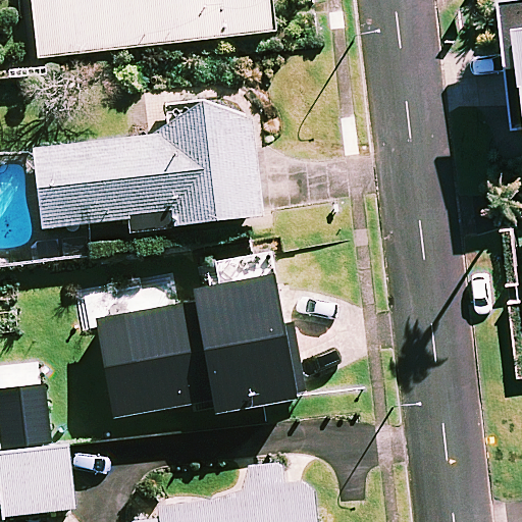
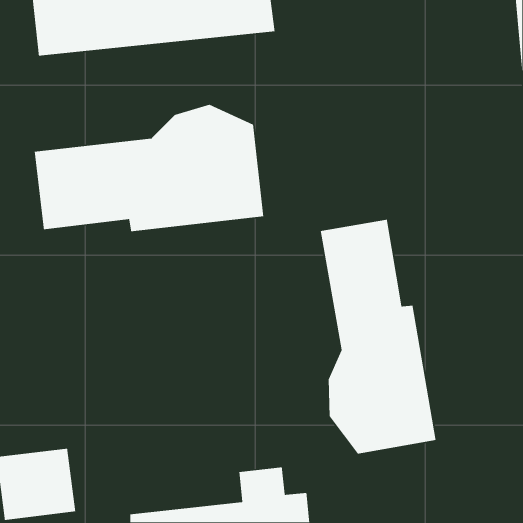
building: none -> [320,219,436,455]
building: [127,274,295,413] -> none

